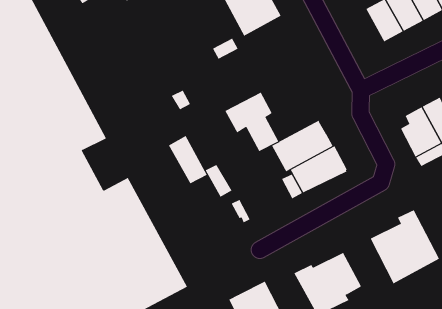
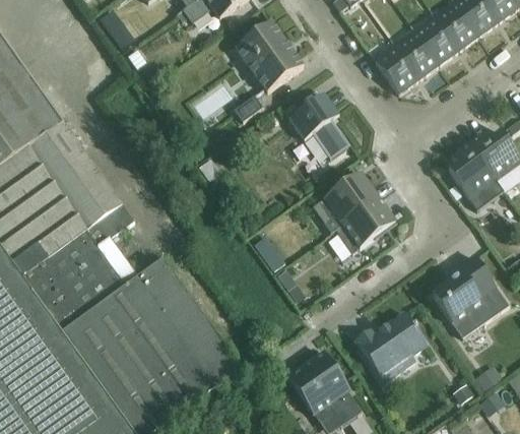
building: none -> [374,46,418,94]
building: [225,92,279,152] -> [287,94,350,159]
building: [168,135,207,184] -> none

